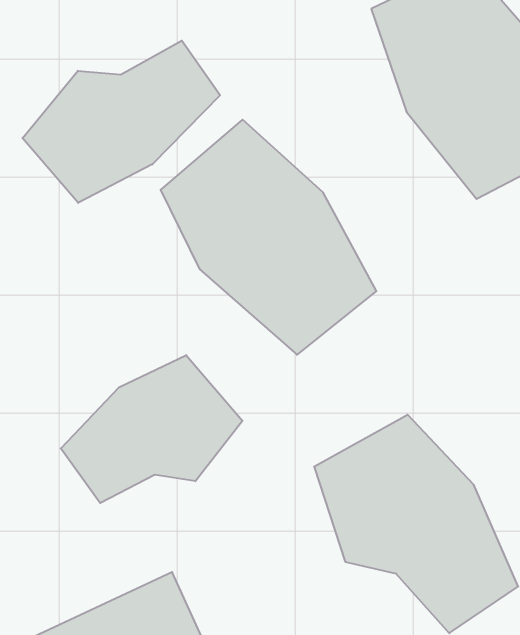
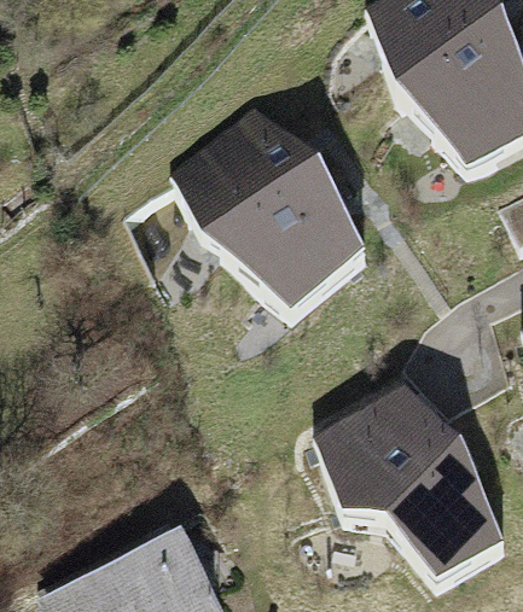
building: [22,41,220,203] -> none
building: [61,355,243,503] -> none

